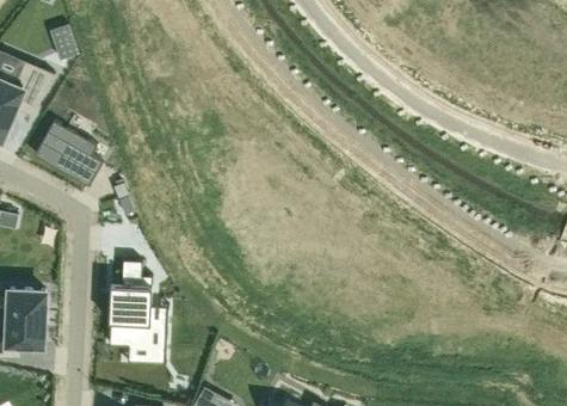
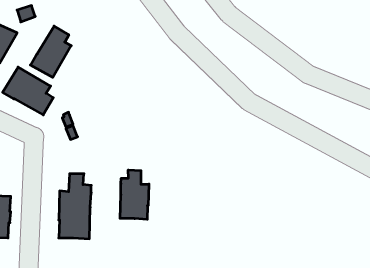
building: none -> [30,26,71,77]
building: none -> [120,170,149,219]

